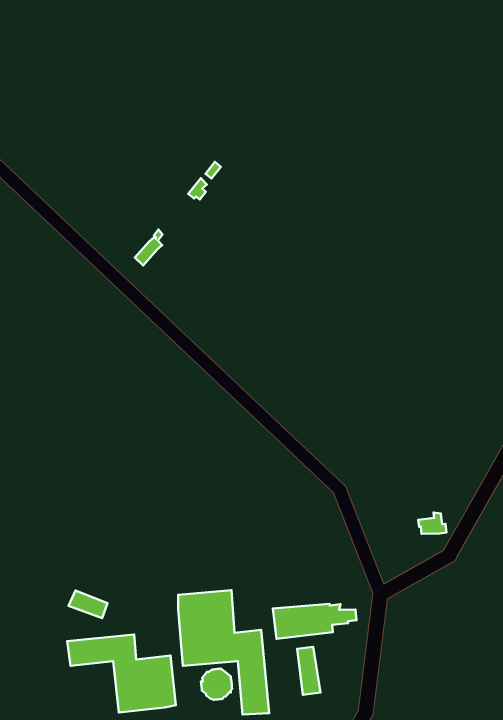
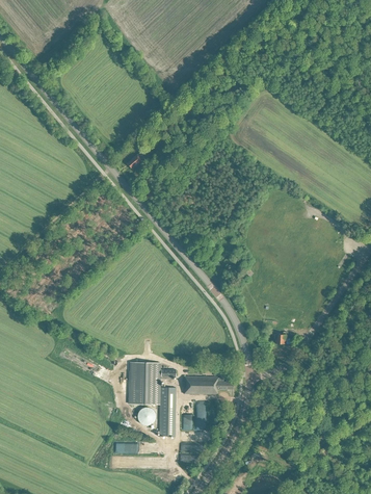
building: [67,635,176,713] -> none

